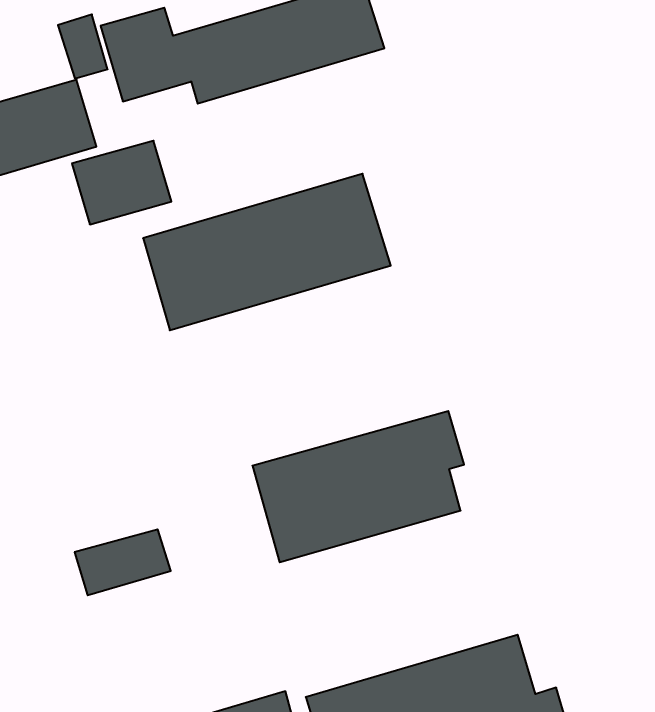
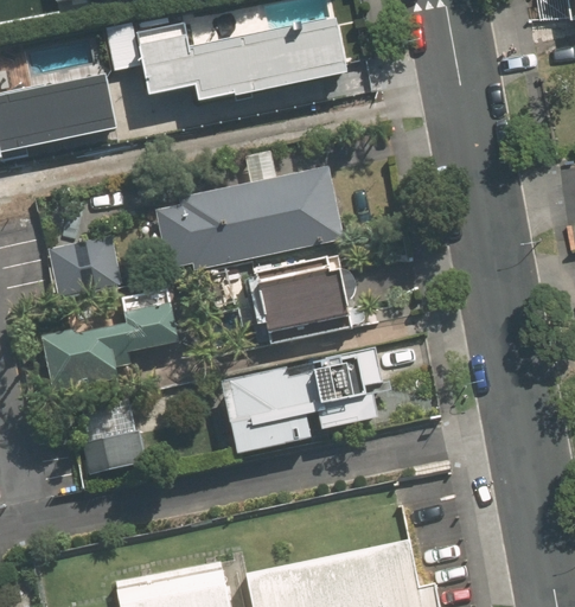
building: [72,141,171,224] -> [41,237,116,298]
building: none -> [260,261,354,328]
building: none -> [39,300,180,386]

